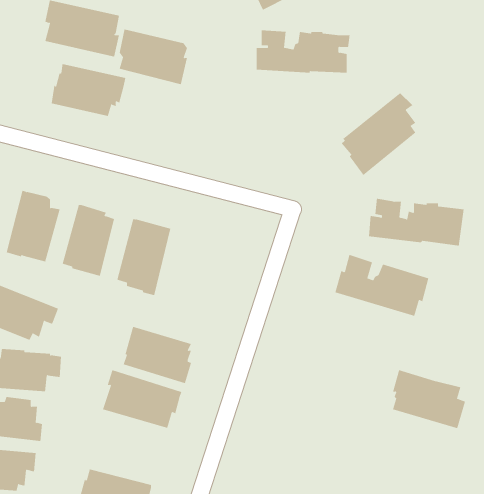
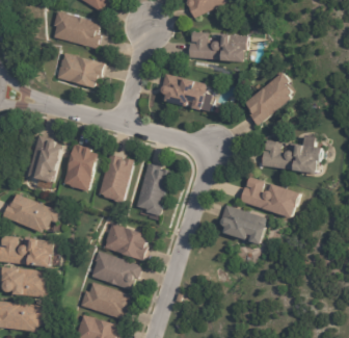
building: [119,29,188,85] -> [160,74,205,110]
building: none -> [135,162,170,215]
building: [392,370,466,429] -> [219,205,267,243]
building: none -> [77,282,130,319]

